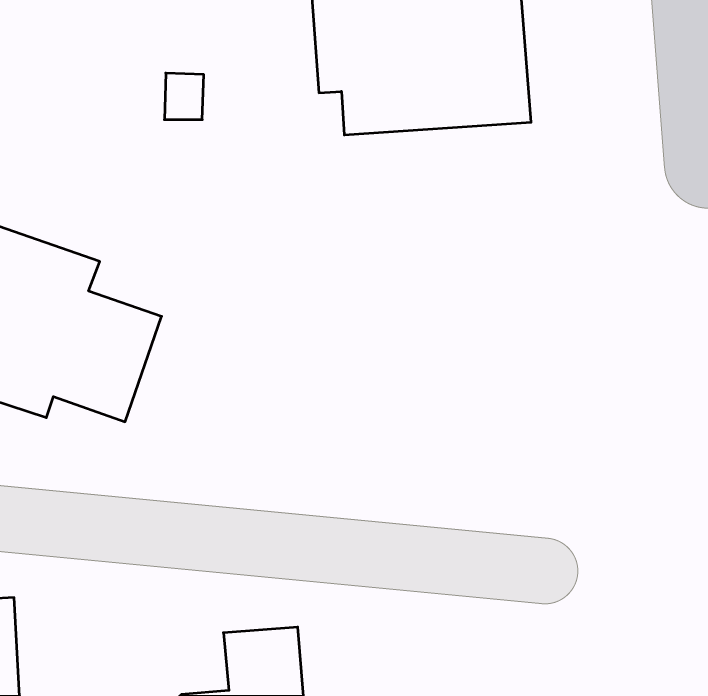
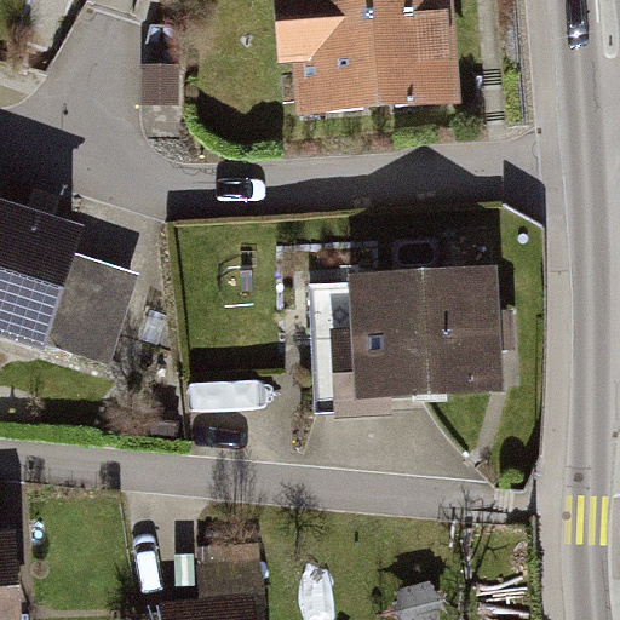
building: none -> [306,268,506,412]

